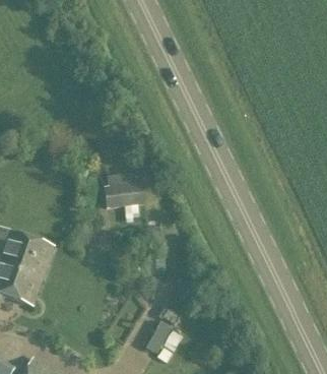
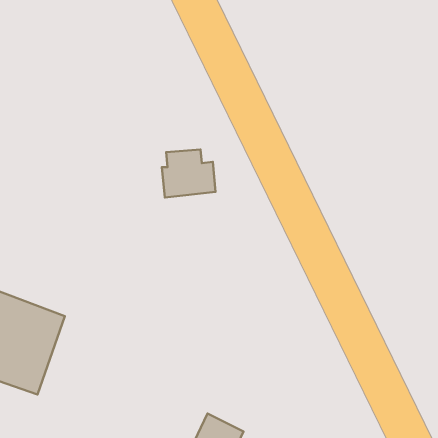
building: [102,172,141,207] -> [162,149,215,197]

